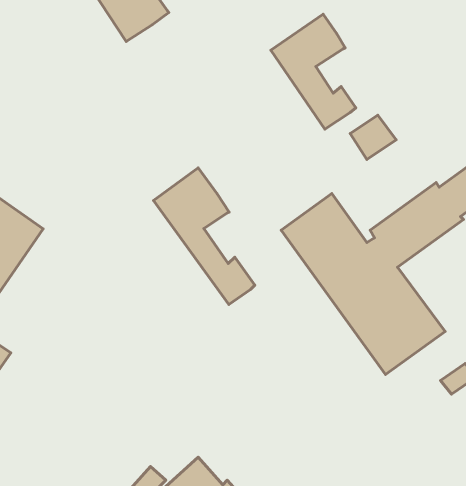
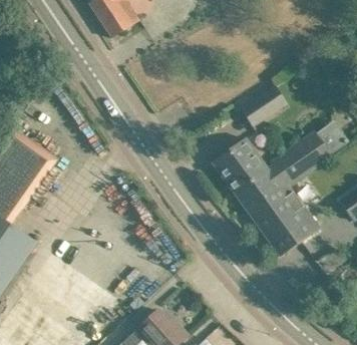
building: [271,14,356,129] -> none
building: [154,168,255,304] -> none

